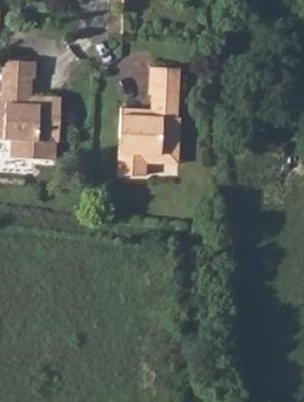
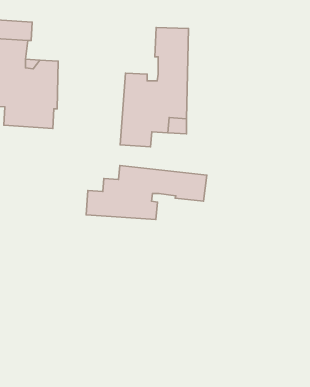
building: none -> [86,165,207,220]

